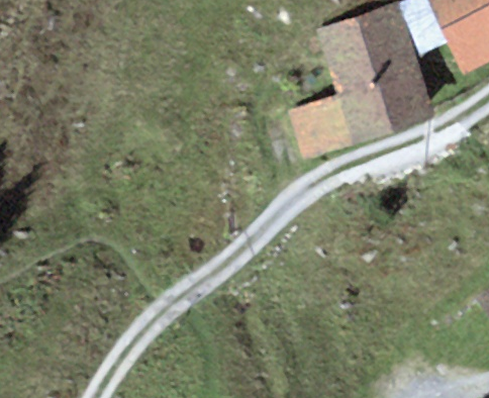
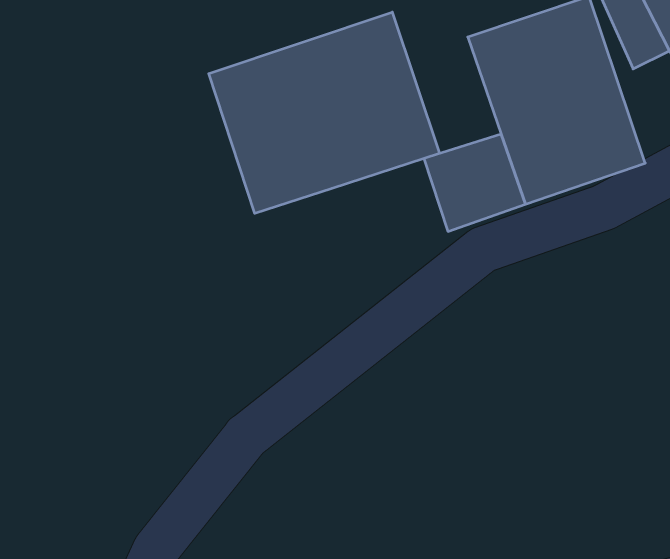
building: none -> [209,12,439,213]

